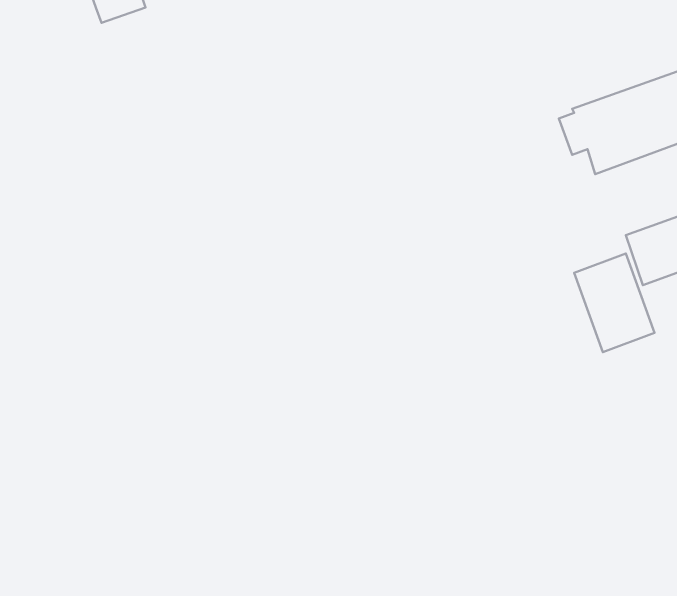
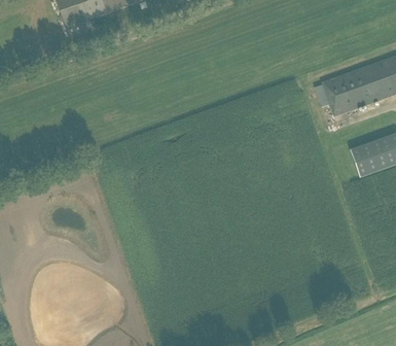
building: [574,253,655,352] -> none

